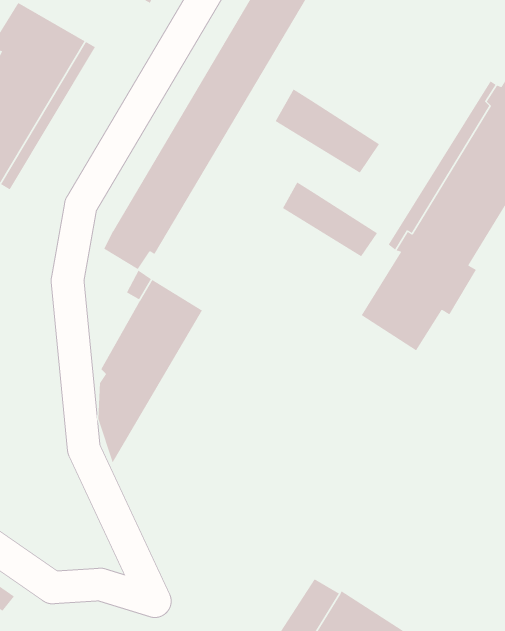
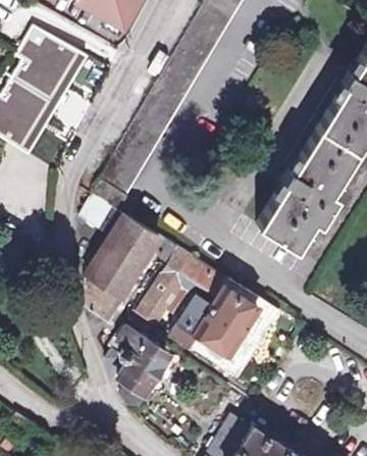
building: [275,89,380,174] -> none
building: [282,181,378,257] -> none
building: none -> [134,244,275,374]
building: none -> [125,332,173,405]

